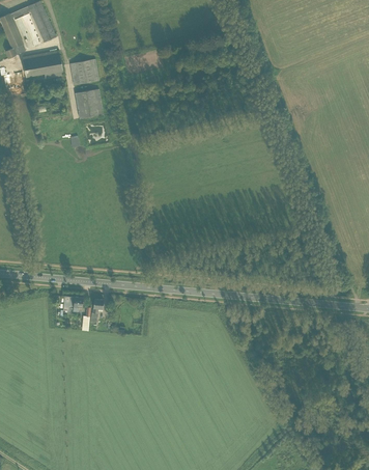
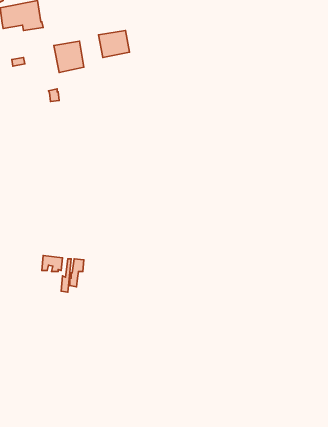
building: [68,59,98,85] -> [98,31,130,58]

